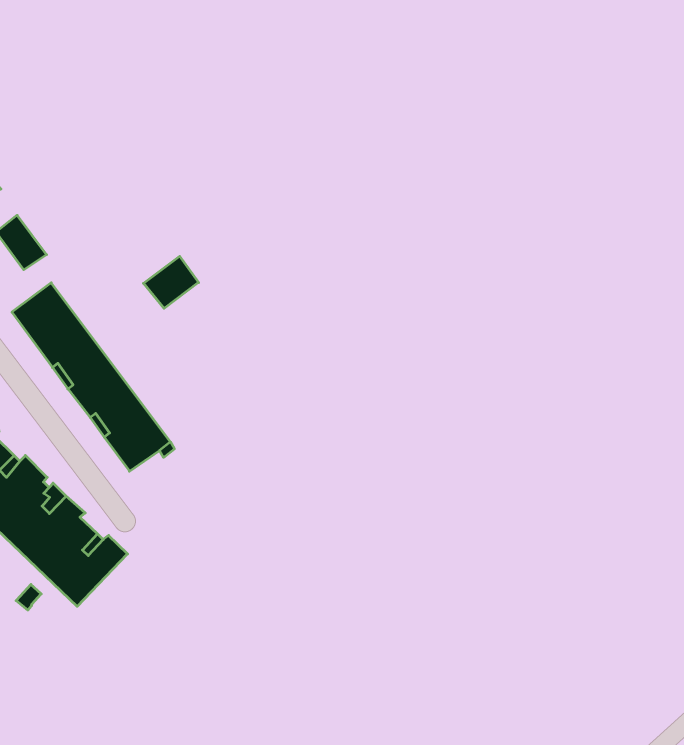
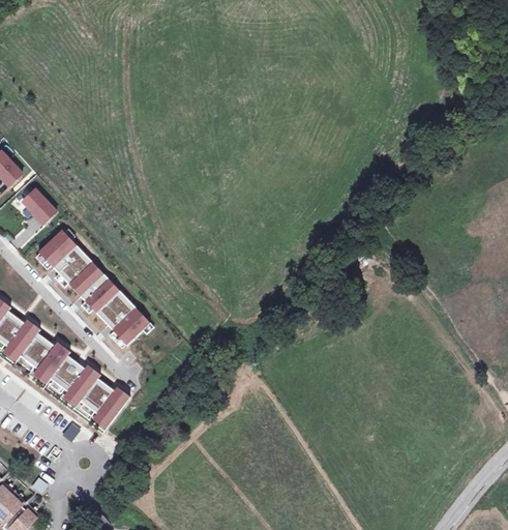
building: [143,256,199,308] -> none

